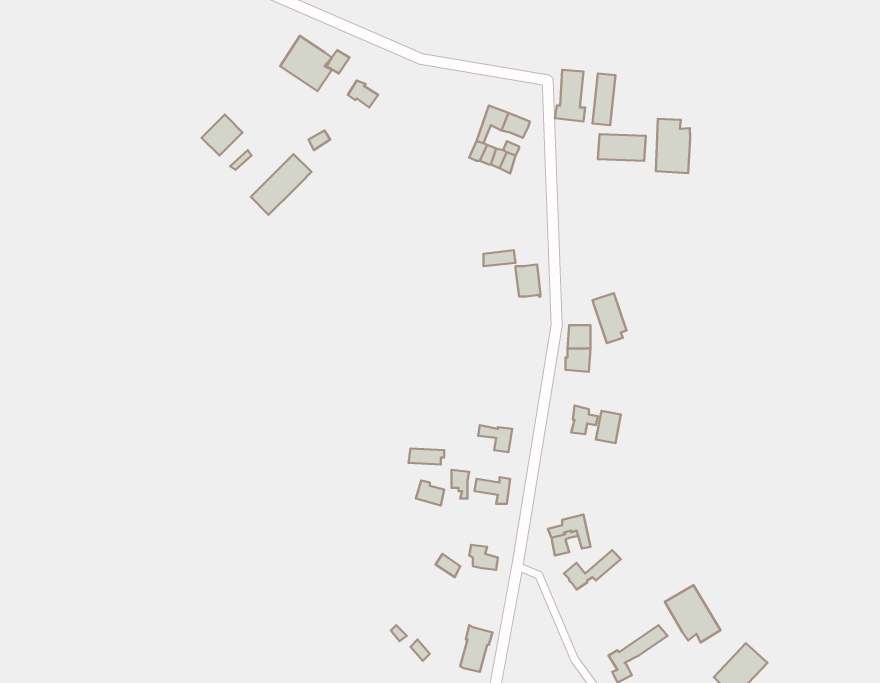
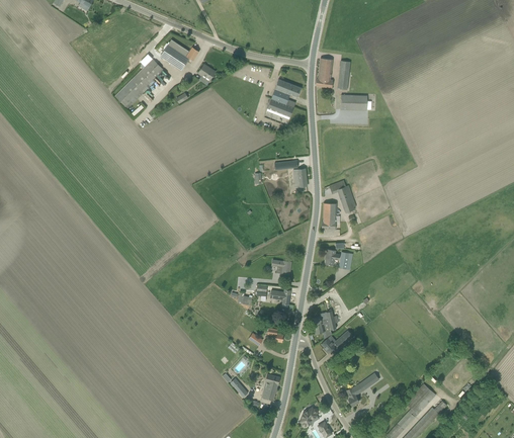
building: [656,119,690,173] -> none
building: [251,154,311,215] -> [128,60,163,94]
building: [665,585,721,642] -> none

